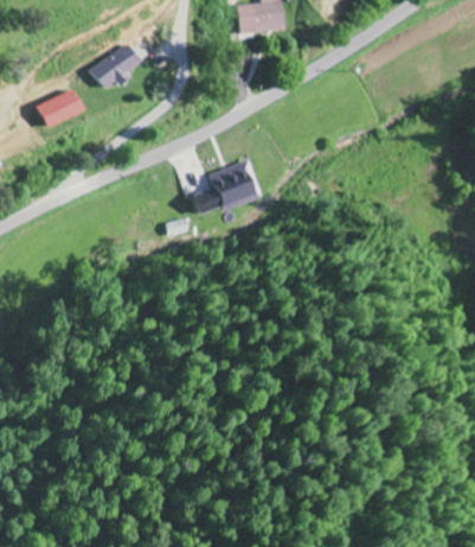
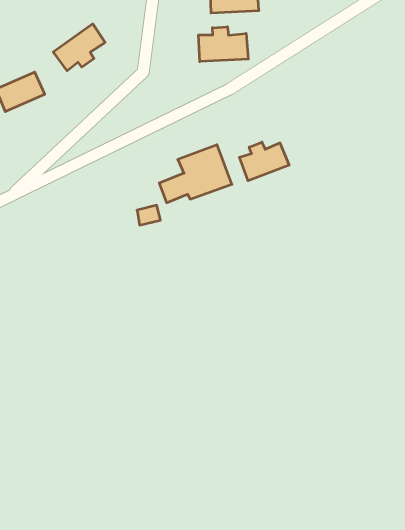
building: none -> [199,27,248,62]
building: none -> [239,142,289,181]

